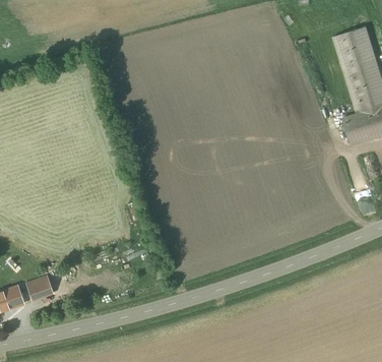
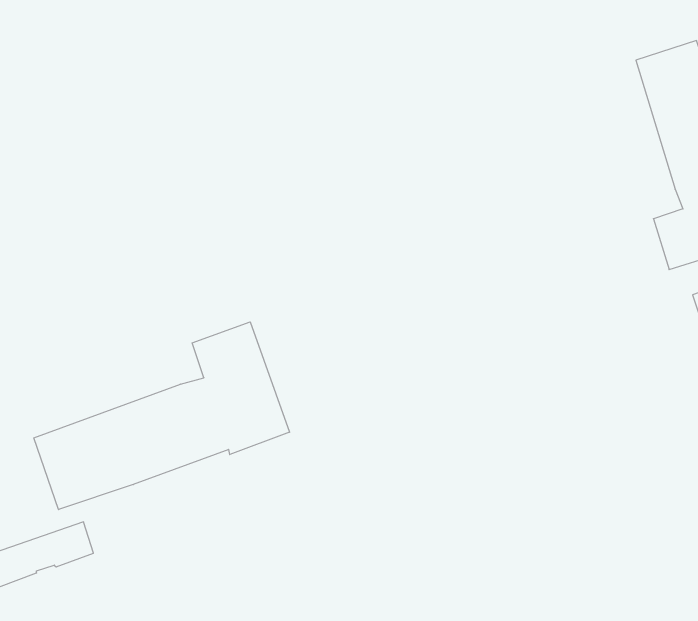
building: none -> [34,322,290,510]

